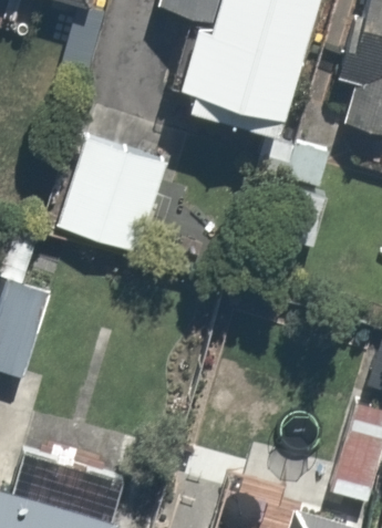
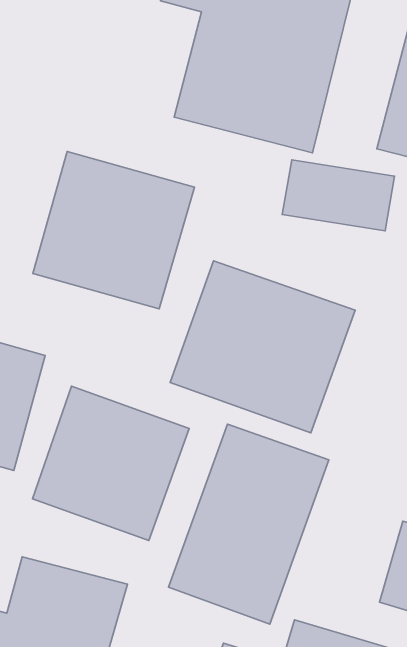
building: none -> [170,261,355,433]
building: none -> [32,386,189,541]

